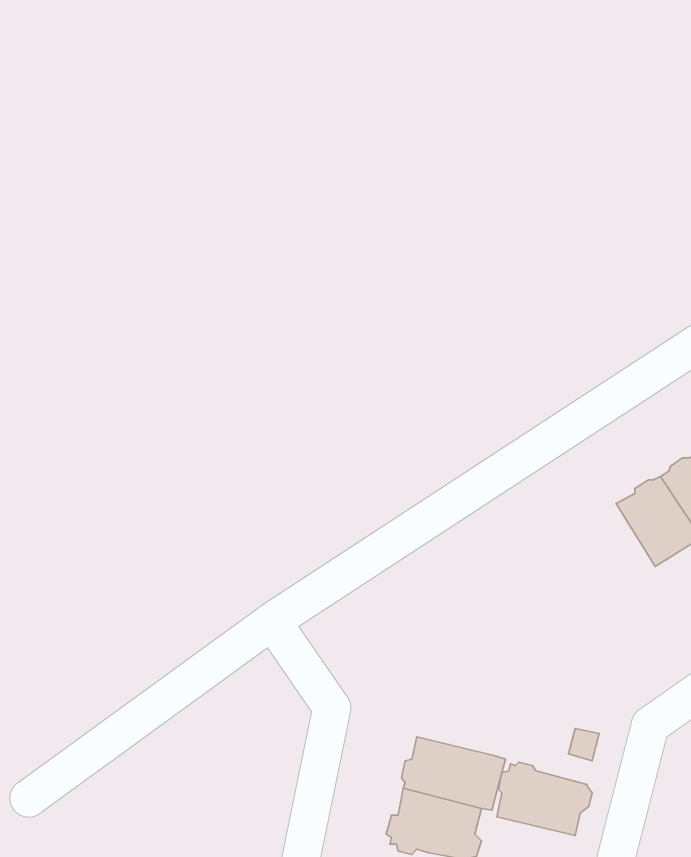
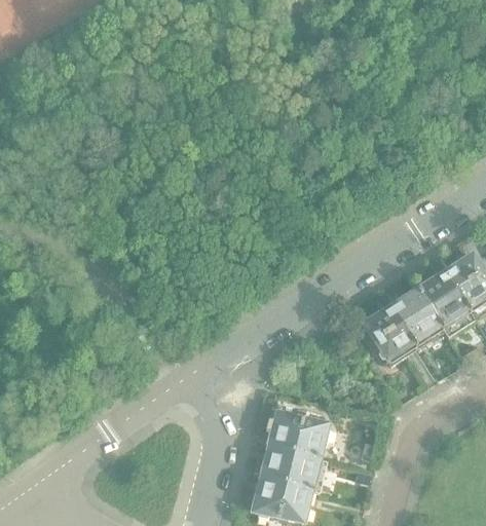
building: none -> [359,304,415,362]
building: [497,762,592,835] -> [271,412,329,456]

